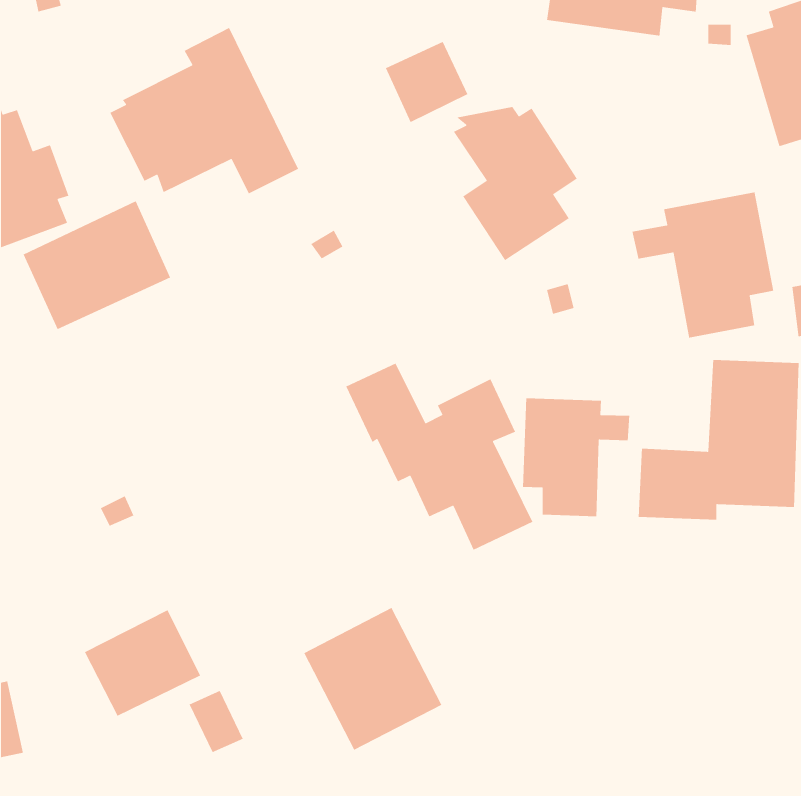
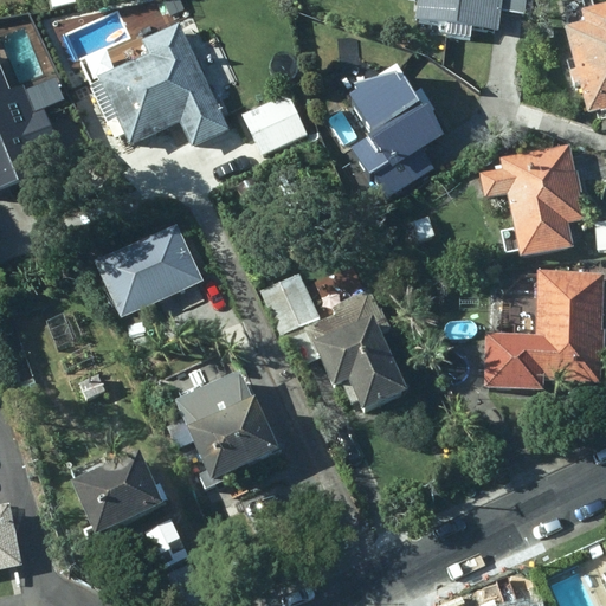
building: [385,41,469,123] -> [244,90,307,152]
building: [22,200,171,330] -> [91,219,202,316]
building: [522,397,630,517] -> none
building: [303,607,443,751] -> [170,376,275,484]

